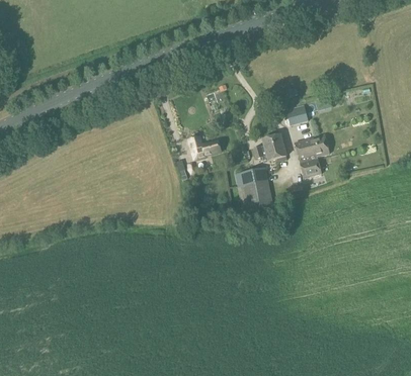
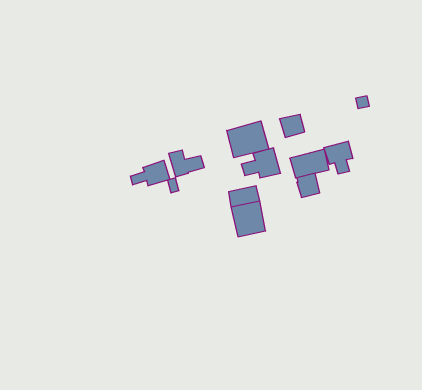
building: none -> [227,121,269,158]
building: none -> [324,141,353,174]
building: none -> [130,160,170,186]

